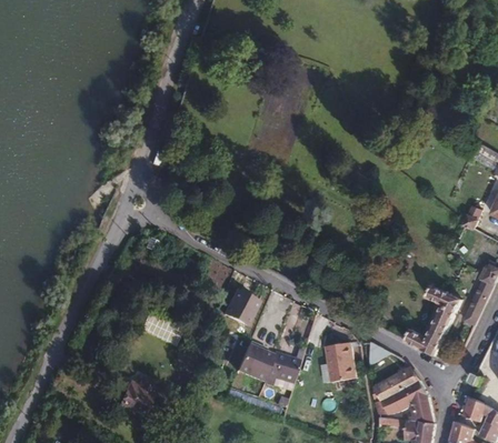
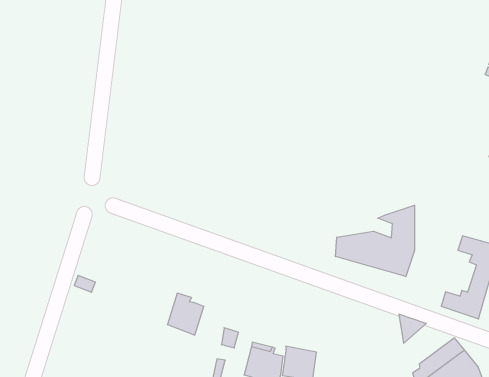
building: none -> [335,205,415,277]
building: [225,288,257,324] -> [167,293,204,335]
building: [323,341,355,381] -> none

